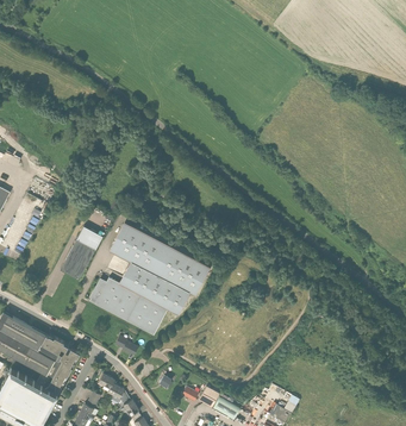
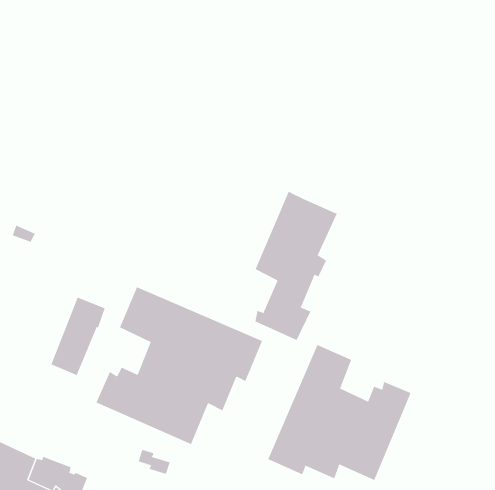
building: none -> [255,191,338,341]
building: none -> [268,344,412,481]

